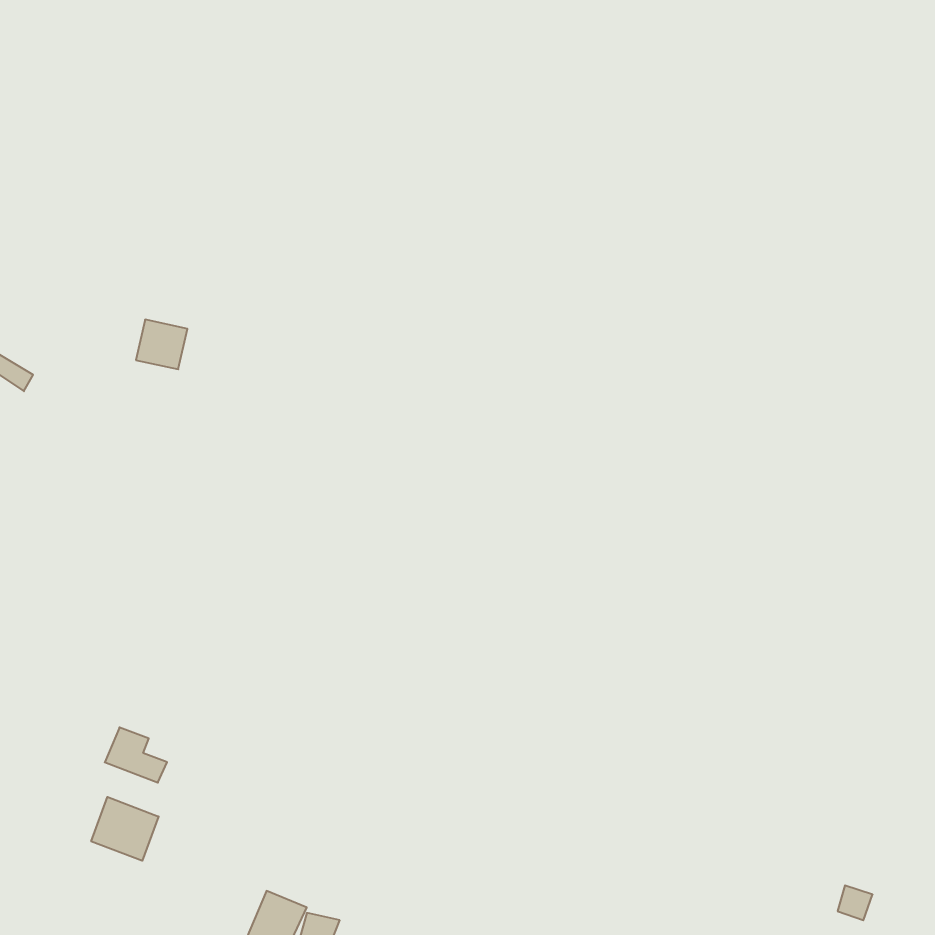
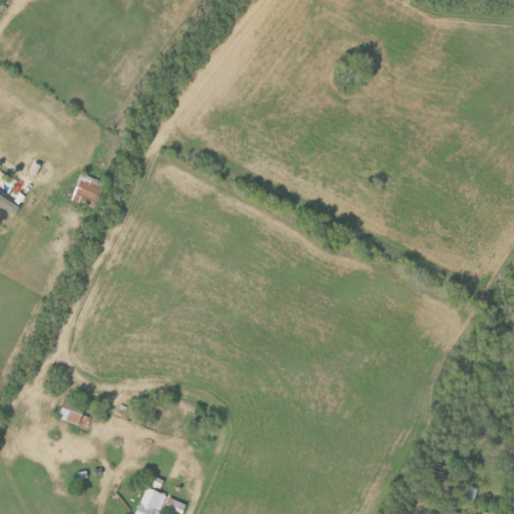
building: [91,797,159,861] -> none

